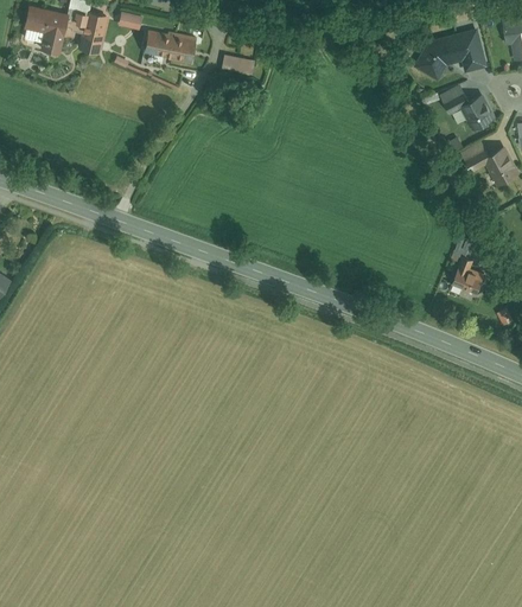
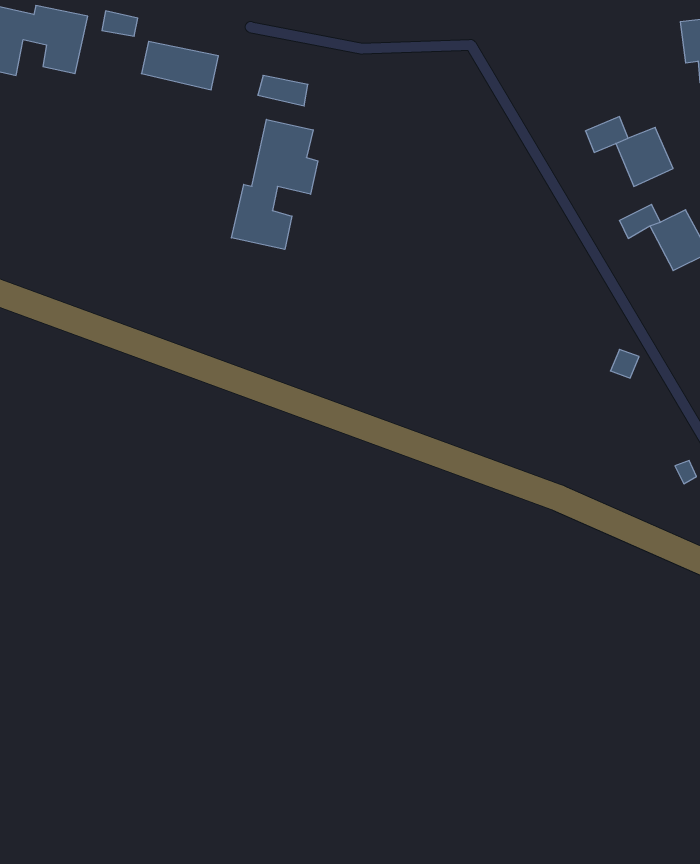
building: [414,26,486,78] -> none
building: none -> [231,119,318,249]
building: [452,256,482,294] -> none

